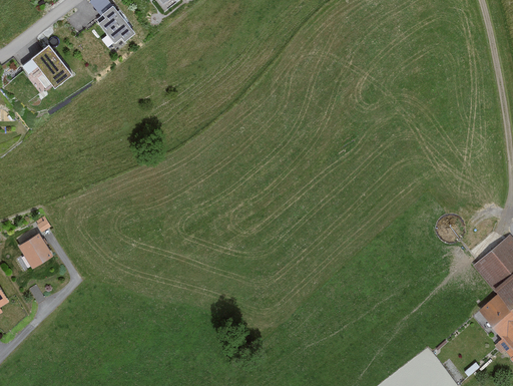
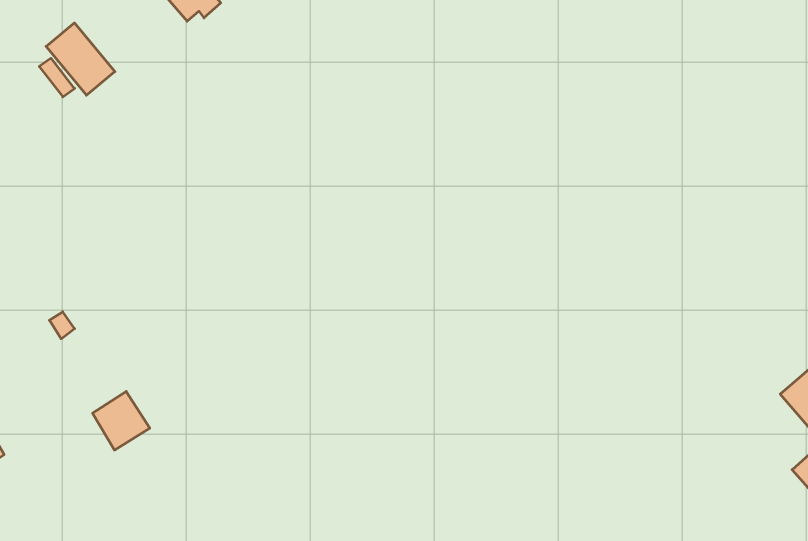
building: [20,235,54,270] -> [93,391,150,450]

